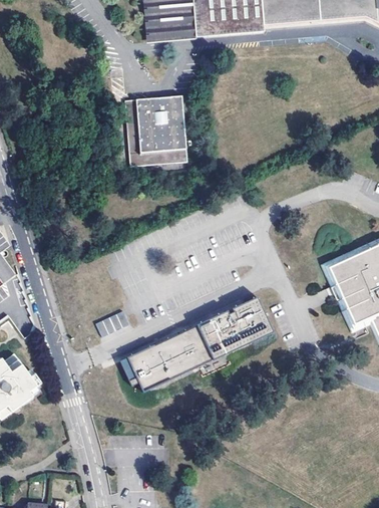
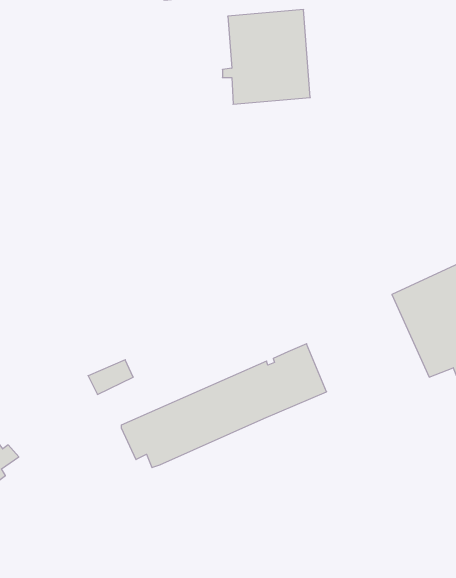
building: [120,93,186,165] -> [222,10,310,104]

